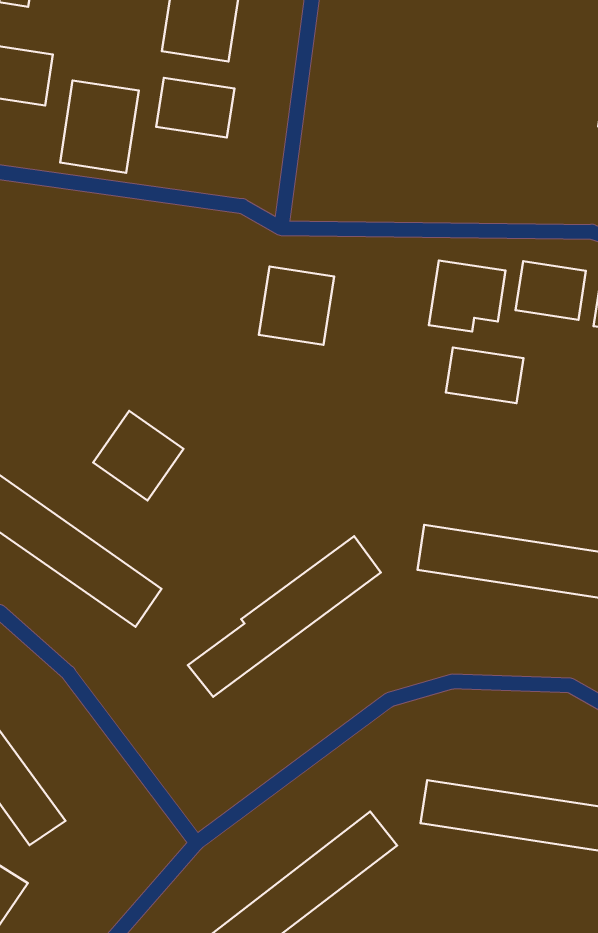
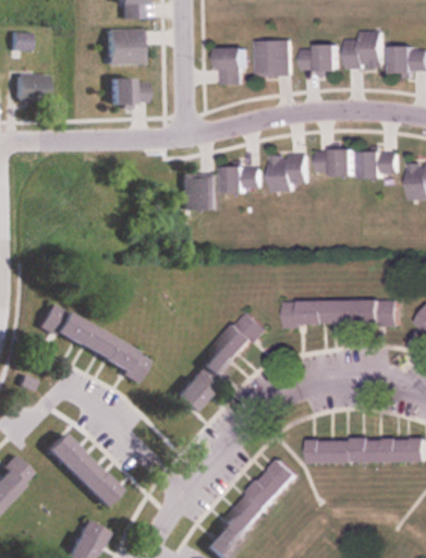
building: none -> [258,40,293,75]
building: none -> [218,48,245,85]
building: none -> [303,45,339,72]
building: [60,81,139,173] -> none
building: [446,347,523,403] -> [223,167,263,192]
building: [93,411,183,500] -> none

